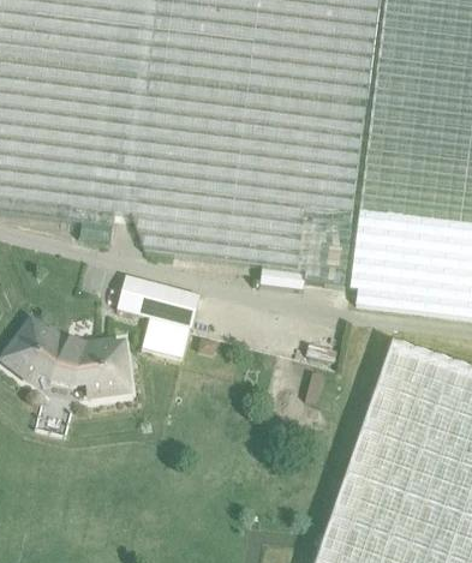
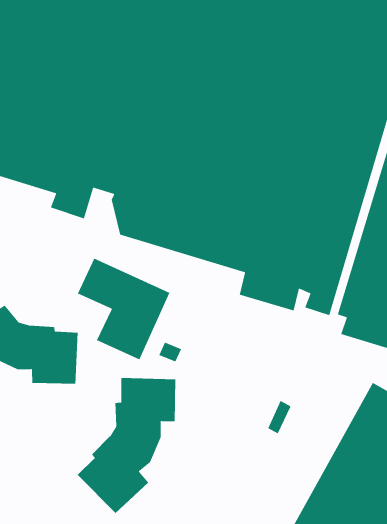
building: none -> [77,377,176,514]

